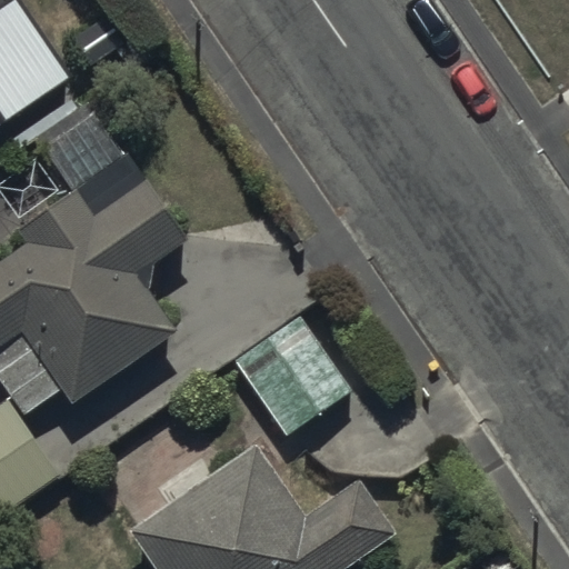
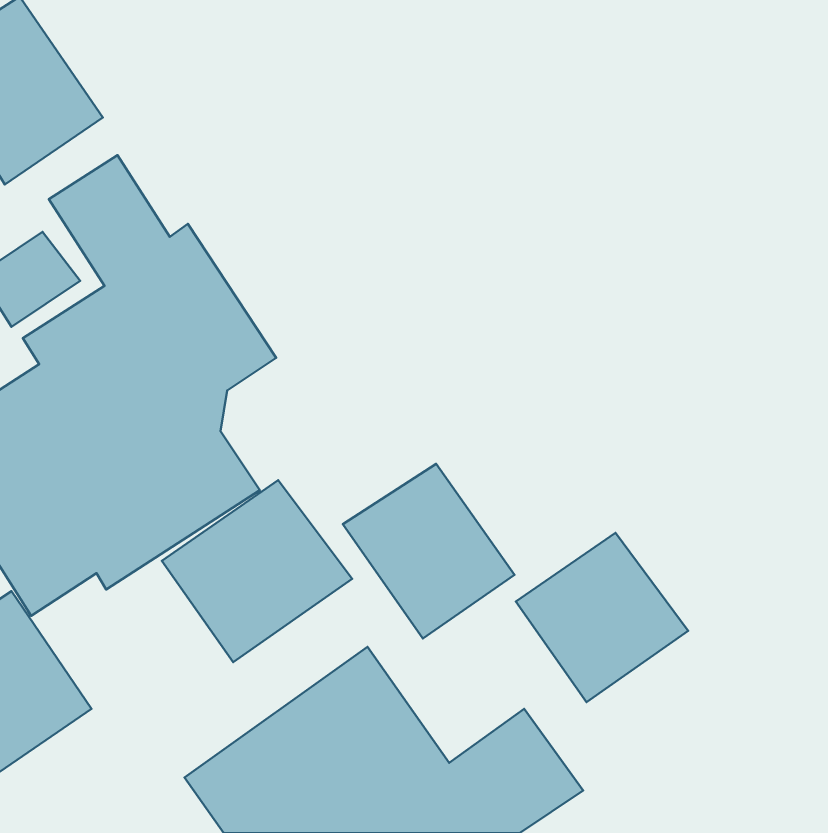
building: none -> [162,480,352,662]
building: none -> [516,533,688,702]

